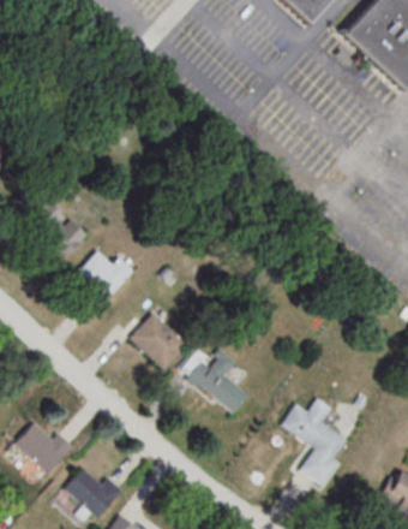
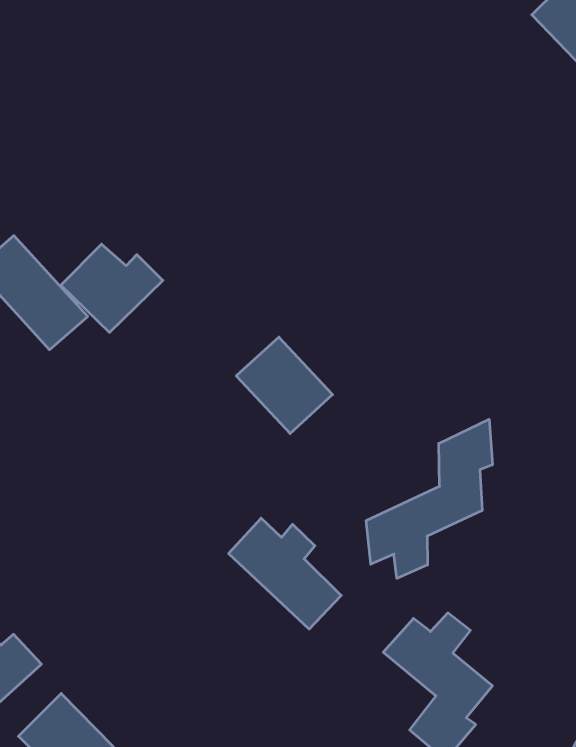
building: [74,250,136,303] -> [61,244,163,332]
building: none -> [366,419,492,578]
building: [128,313,187,370] -> [236,337,333,434]

